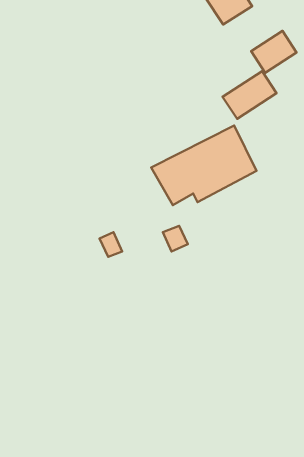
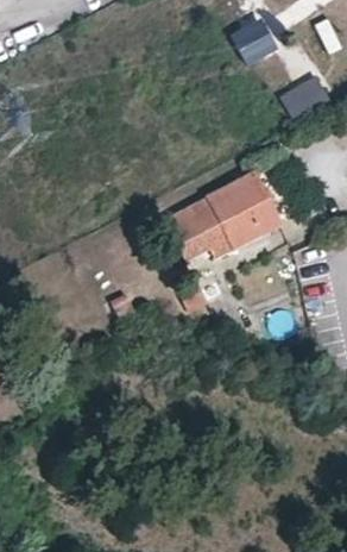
building: [223,71,277,119] -> none

